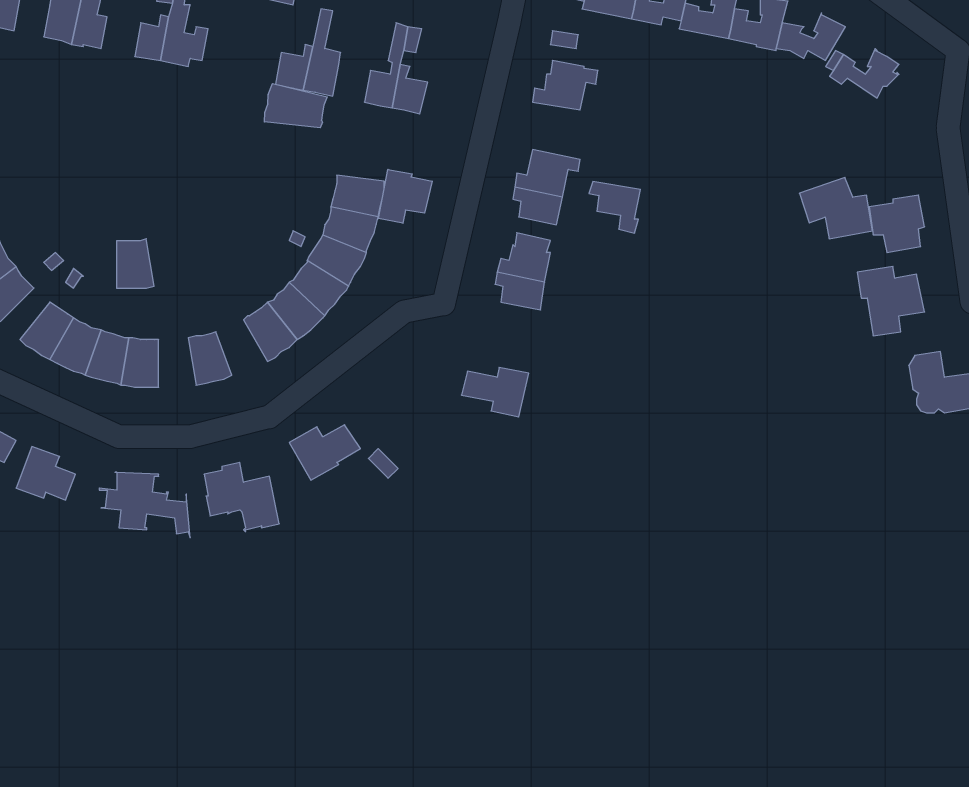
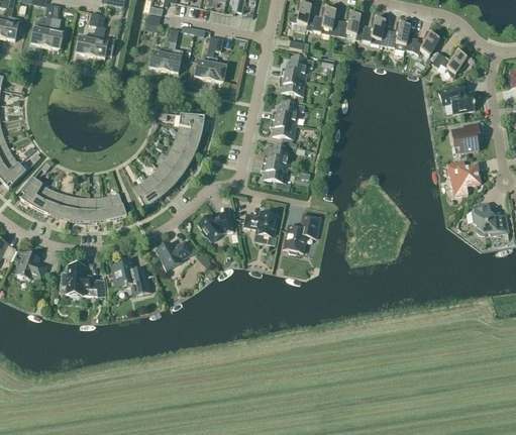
building: [264,84,327,128] -> none
building: [379,169,432,223] -> none
building: [799,177,873,239] -> [437,81,475,112]
building: [589,182,640,233] -> [278,75,304,101]
building: [117,239,154,288] -> [89,195,108,220]
building: none -> [197,212,229,240]
building: none -> [283,212,320,252]

